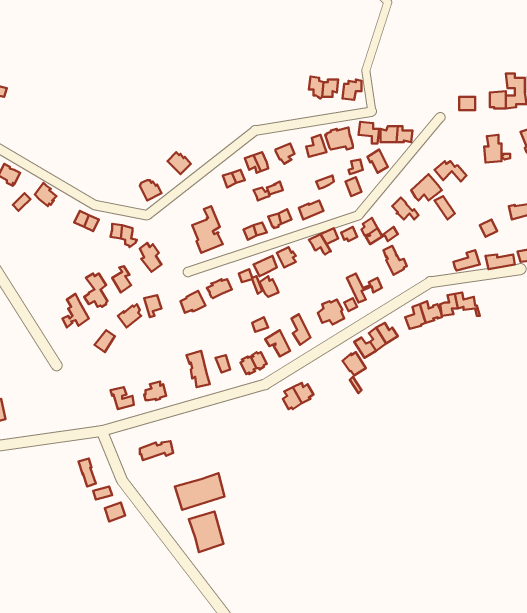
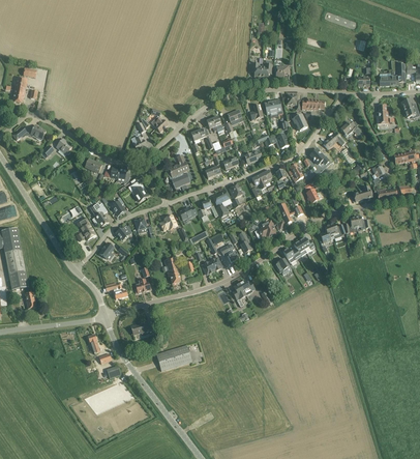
building: [189,512,224,552] -> none

